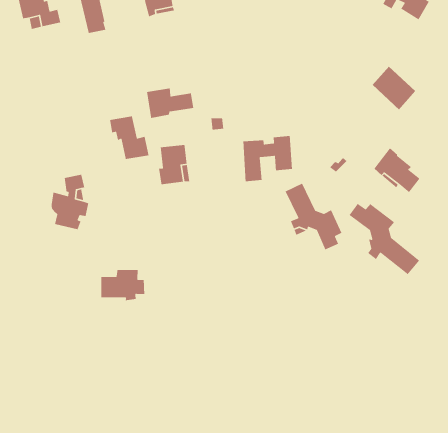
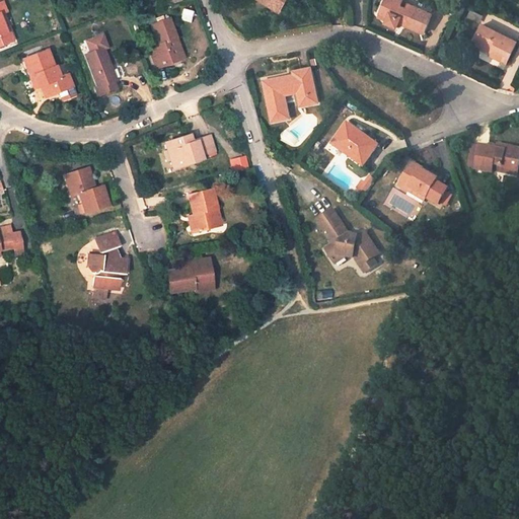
building: [372,66,416,110] -> [332,123,377,165]
building: [109,115,149,160] -> [65,166,109,211]
building: [242,135,293,182] -> [264,68,317,121]
building: [349,203,420,275] -> none
building: [100,269,145,301] -> [166,257,213,291]

